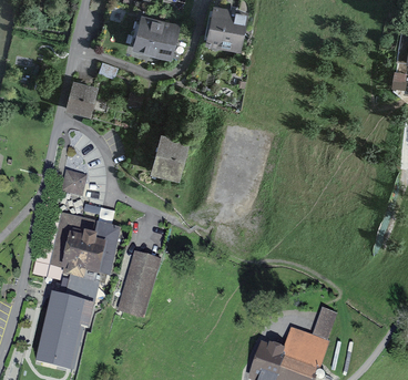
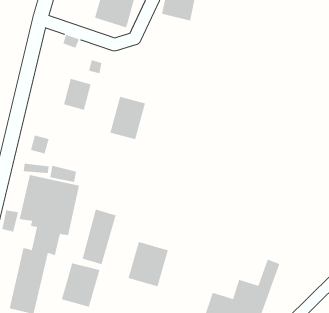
building: [67,81,98,116] -> [63,78,92,111]
building: none -> [128,241,169,287]
building: none -> [61,262,100,308]

